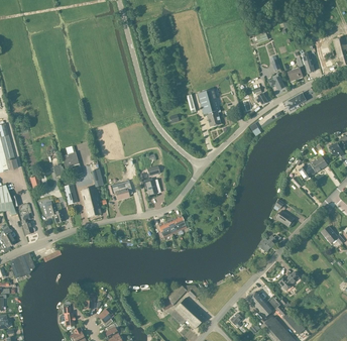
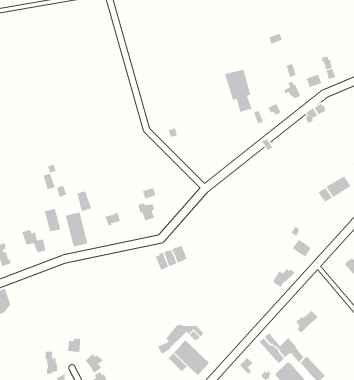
building: [197,89,221,126] -> [224,69,252,112]

